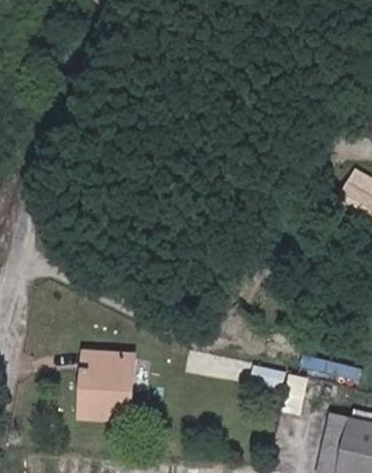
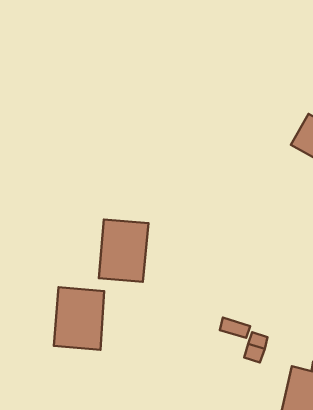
building: none -> [99,219,148,282]

